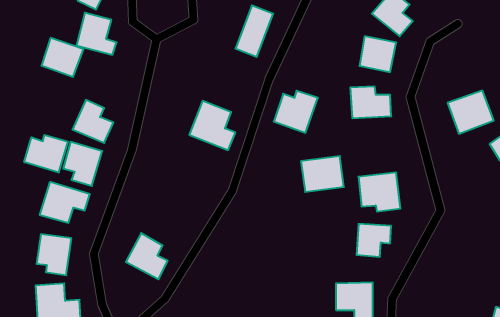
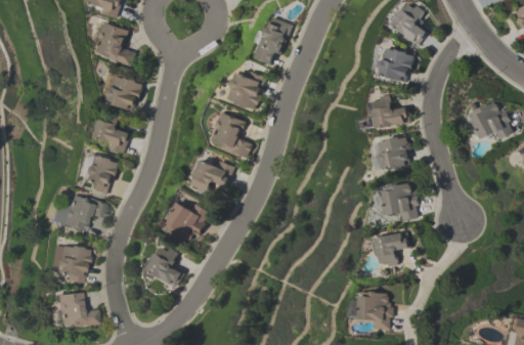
building: [41,38,83,77] -> [102,73,144,112]
building: [274,91,318,133] -> [224,70,268,112]
building: [24,135,68,173] -> none
building: none -> [188,156,234,196]
building: [301,156,344,192] -> [368,135,411,171]
building: none -> [164,201,213,245]

